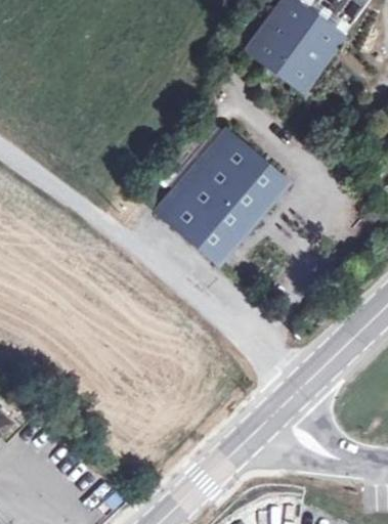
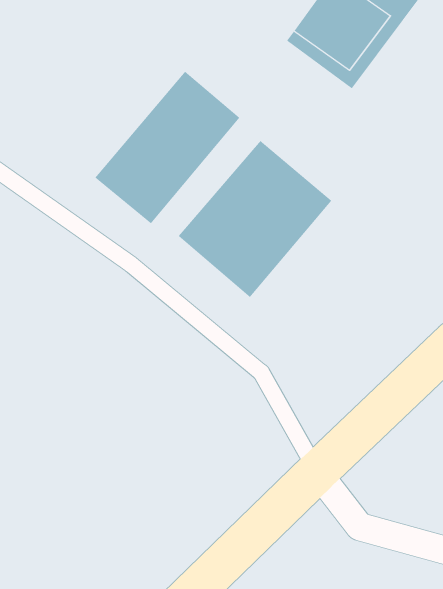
building: none -> [94,71,240,224]

